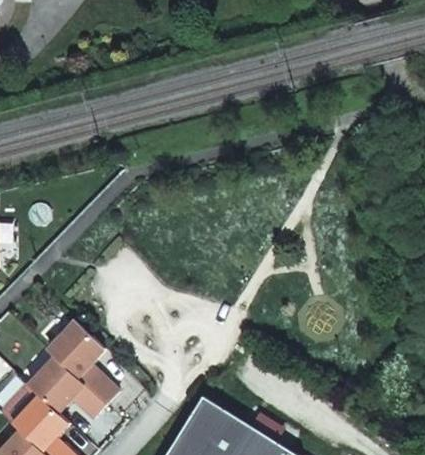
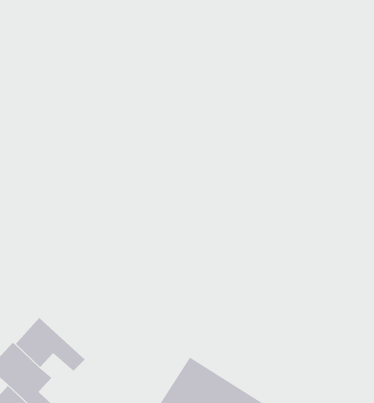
building: [45,321,115,404] -> none

